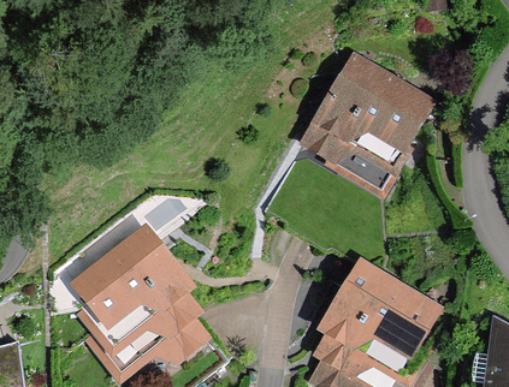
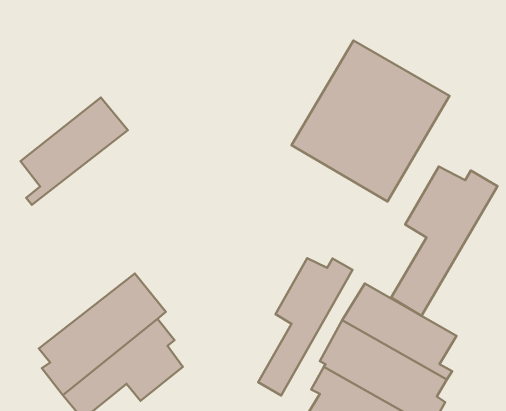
building: none -> [391,167,497,316]
building: [73,226,165,317] -> [20,98,128,205]
building: none -> [258,258,353,396]

